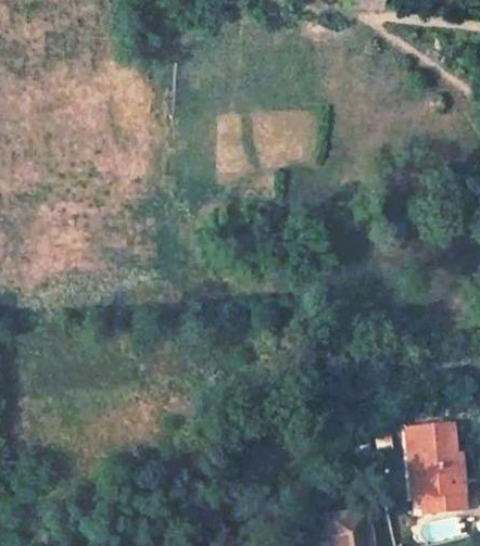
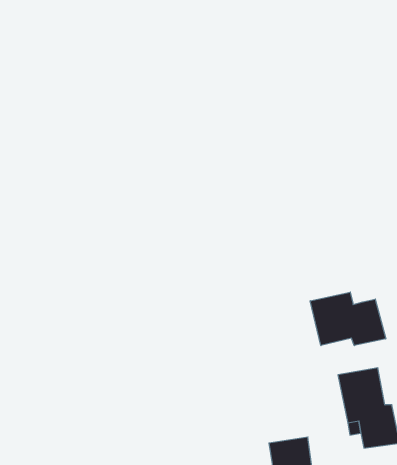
building: none -> [310,292,386,346]

